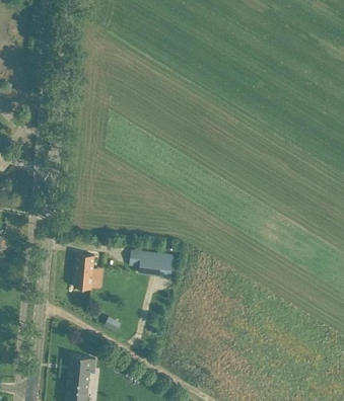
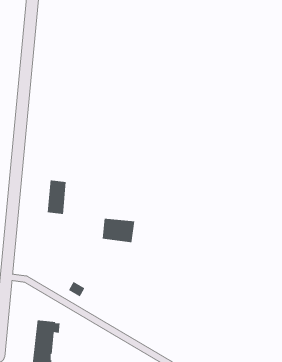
building: [74,253,94,289] -> [47,180,67,214]

